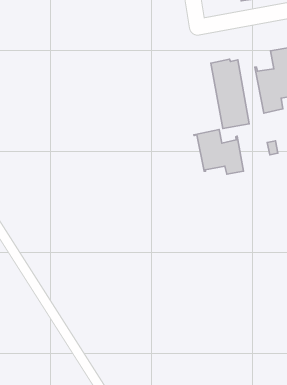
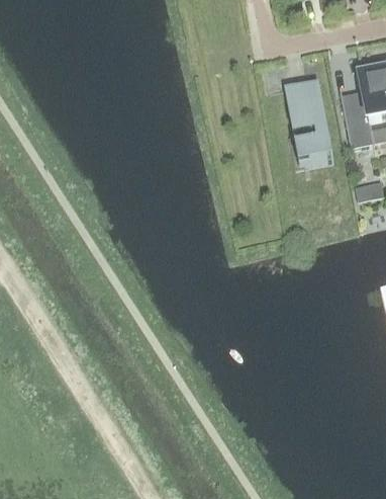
building: [194,129,244,174] -> none

